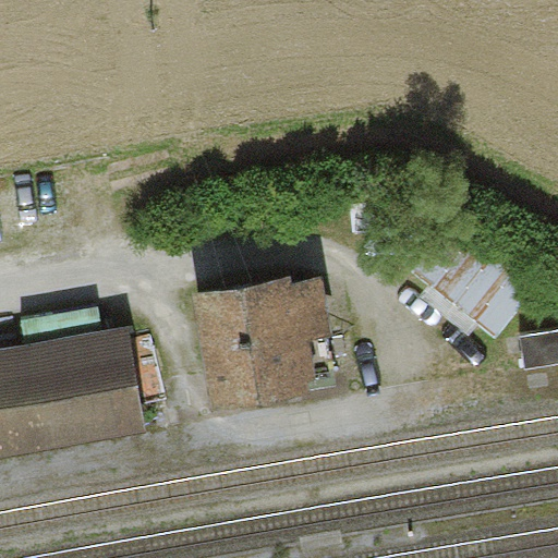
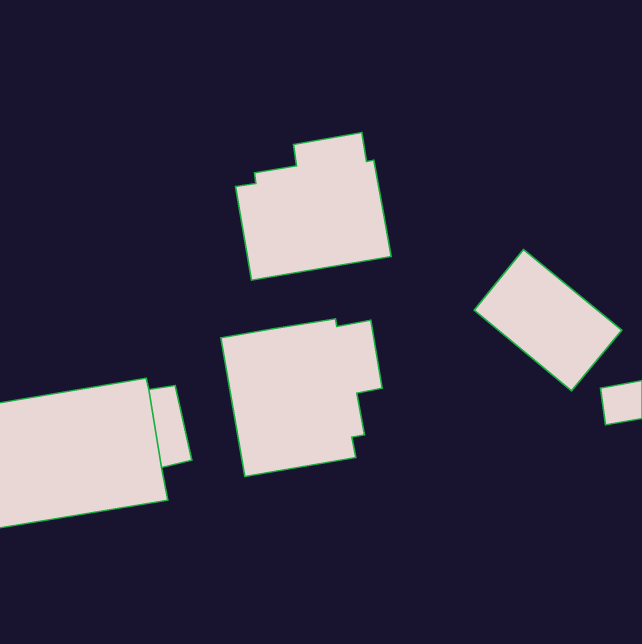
building: none -> [235,133,391,280]

